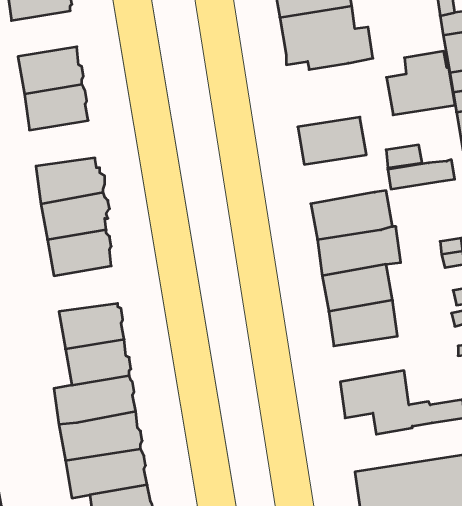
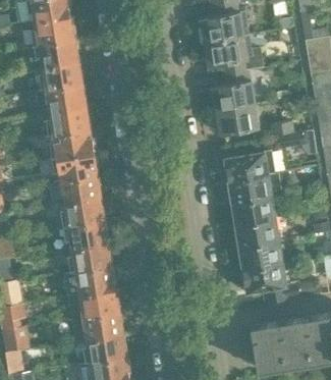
building: none -> [38,40,78,68]
building: [386,51,455,115] -> [212,72,255,112]
building: none -> [49,108,90,137]
building: none -> [64,199,105,227]
building: none -> [238,242,282,271]

